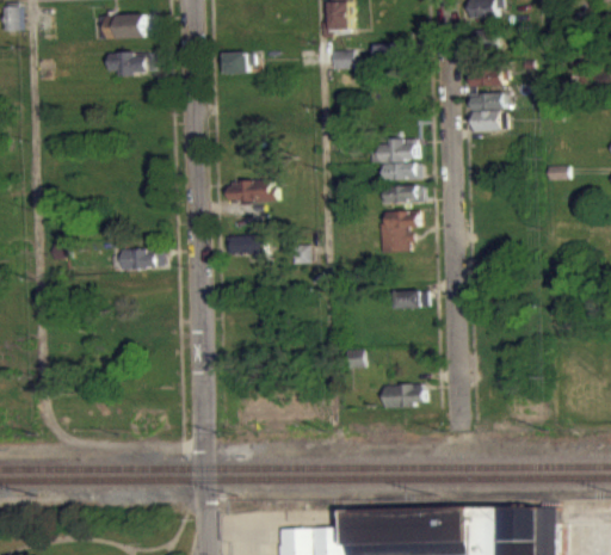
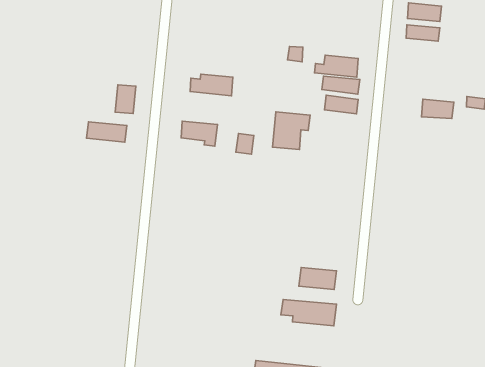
building: [467,112,502,134] -> [422,99,454,119]
building: none -> [115,85,136,113]
building: [378,212,418,254] -> [272,112,310,149]
building: [393,291,421,310] -> none
building: none -> [281,299,337,326]

